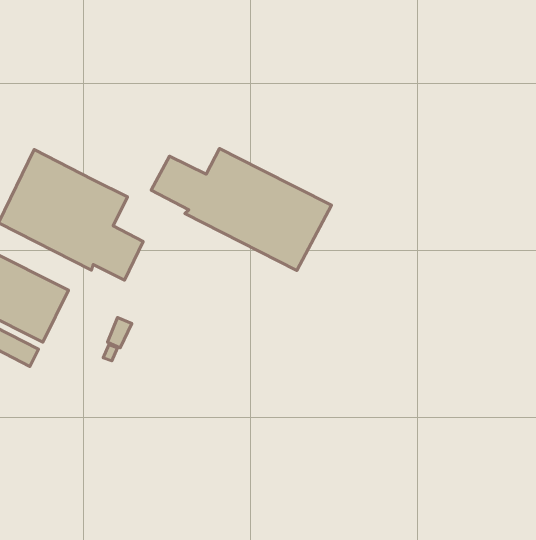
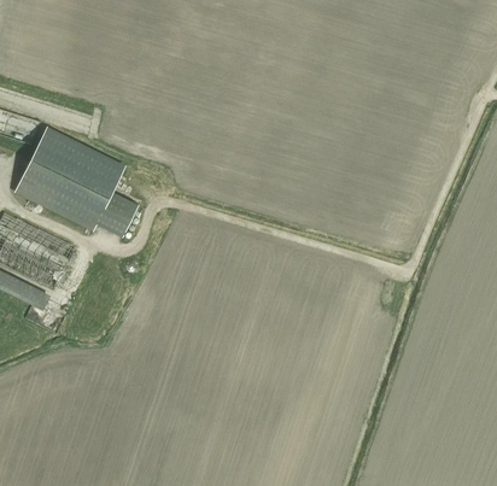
building: [151,148,332,270] -> none

